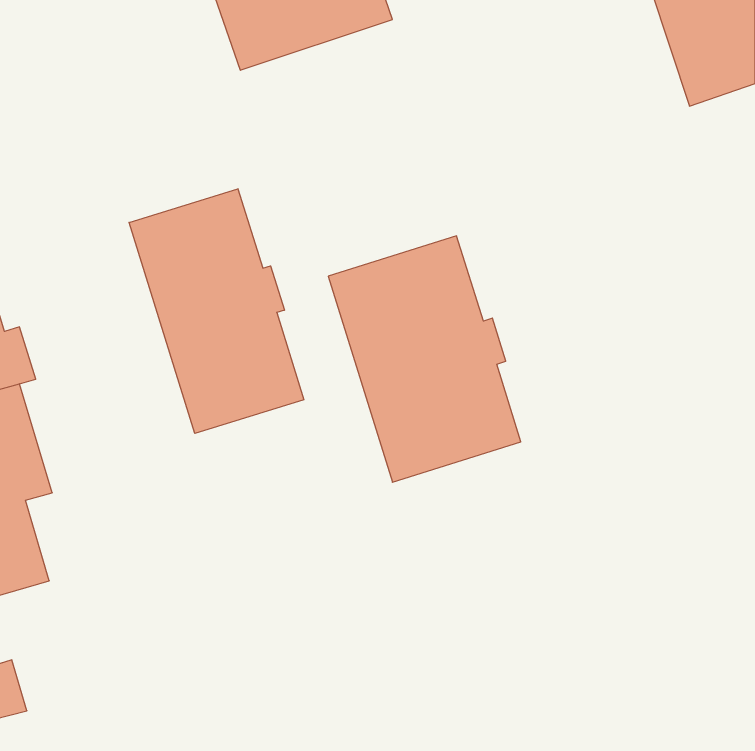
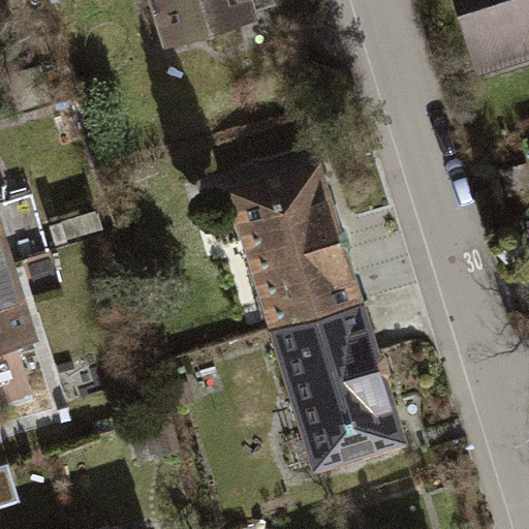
building: [129,189,304,433] -> none
building: none -> [272,306,406,476]

